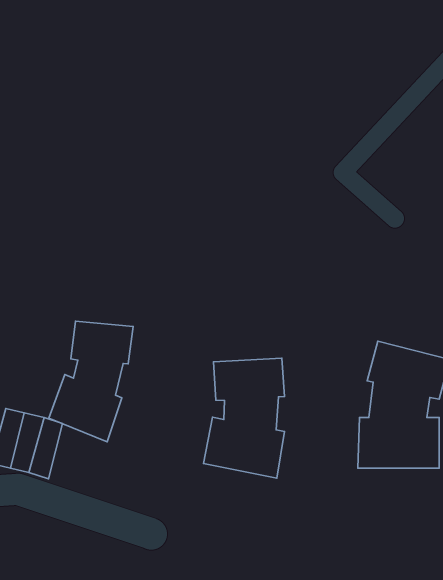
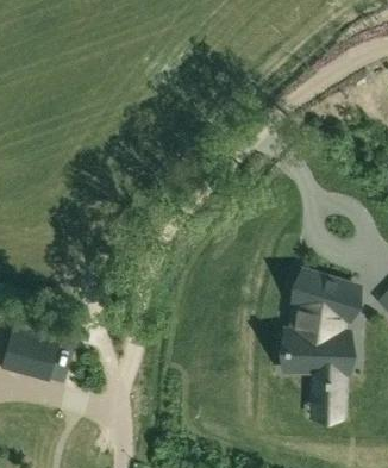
building: [49,321,133,442] -> none
building: [203,358,285,478] -> none

